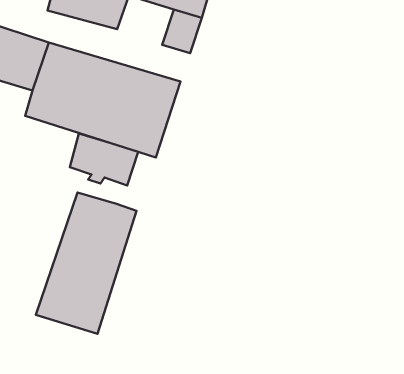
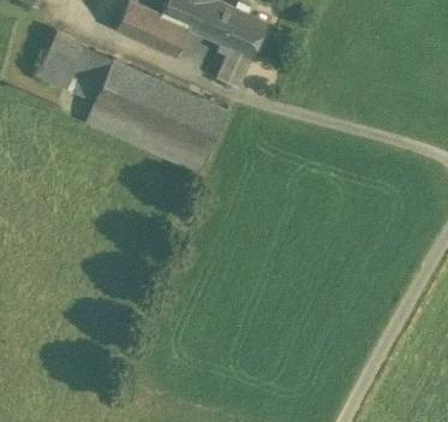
building: [70,134,138,185] -> none
building: [36,192,137,334] -> none

